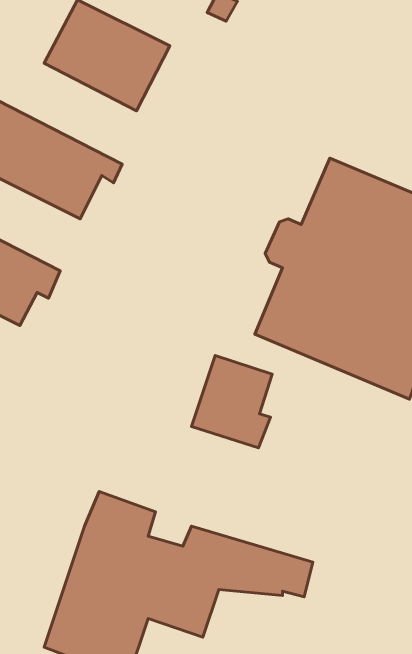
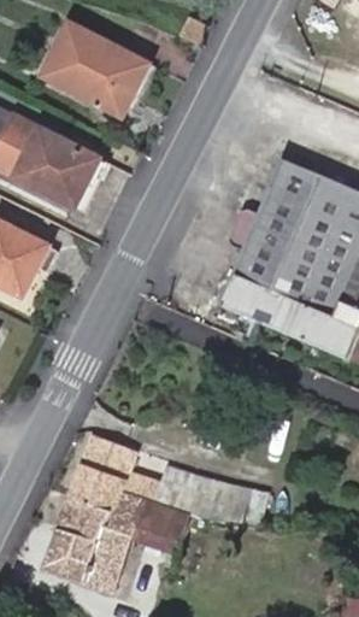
building: [191,355,272,448] -> none

